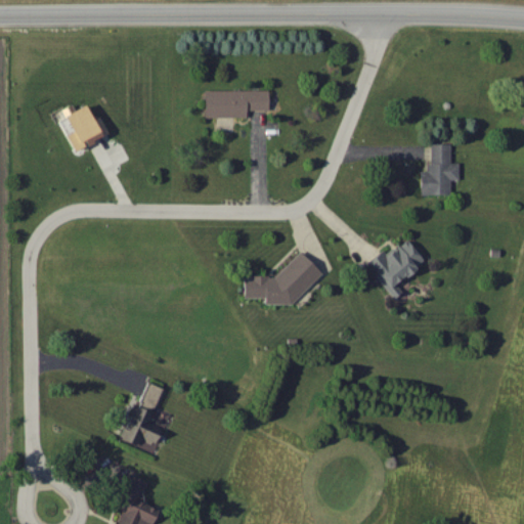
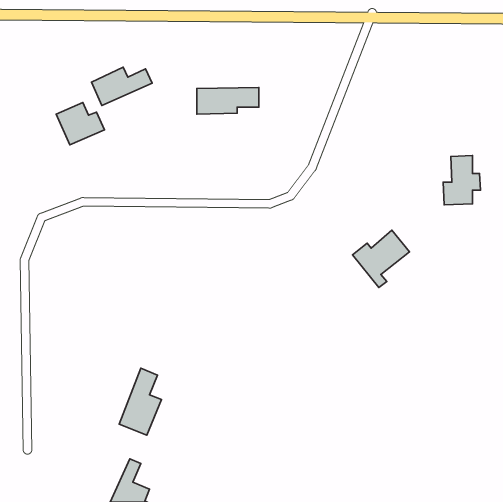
building: none -> [91,67,152,106]
building: [421,144,460,195] -> [443,156,481,205]
building: [245,252,322,305] -> none

